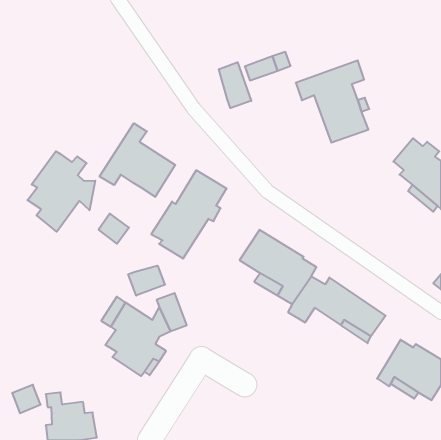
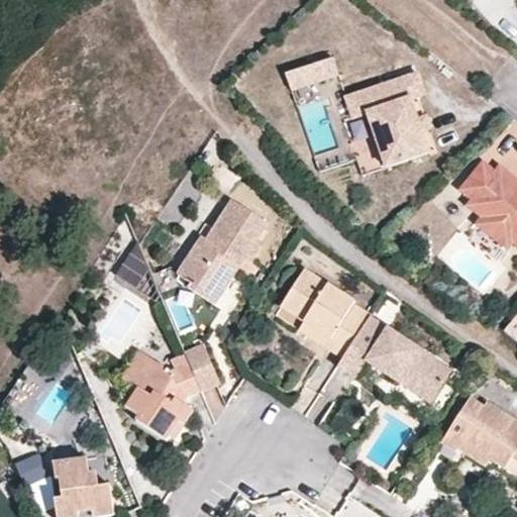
building: [219,62,251,108] -> none
building: [100,123,175,197] -> none
building: [27,151,95,232] -> none
building: [128,266,165,296] -> none

